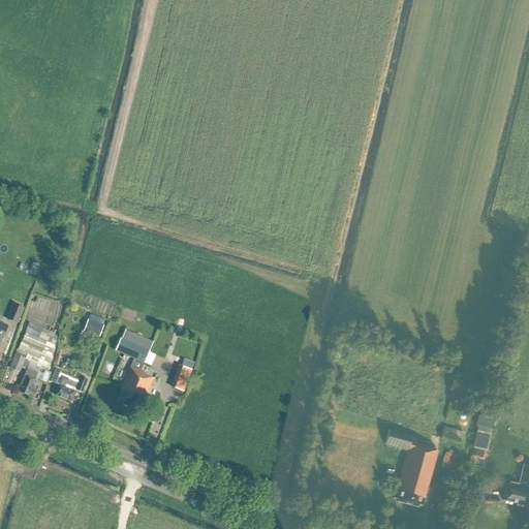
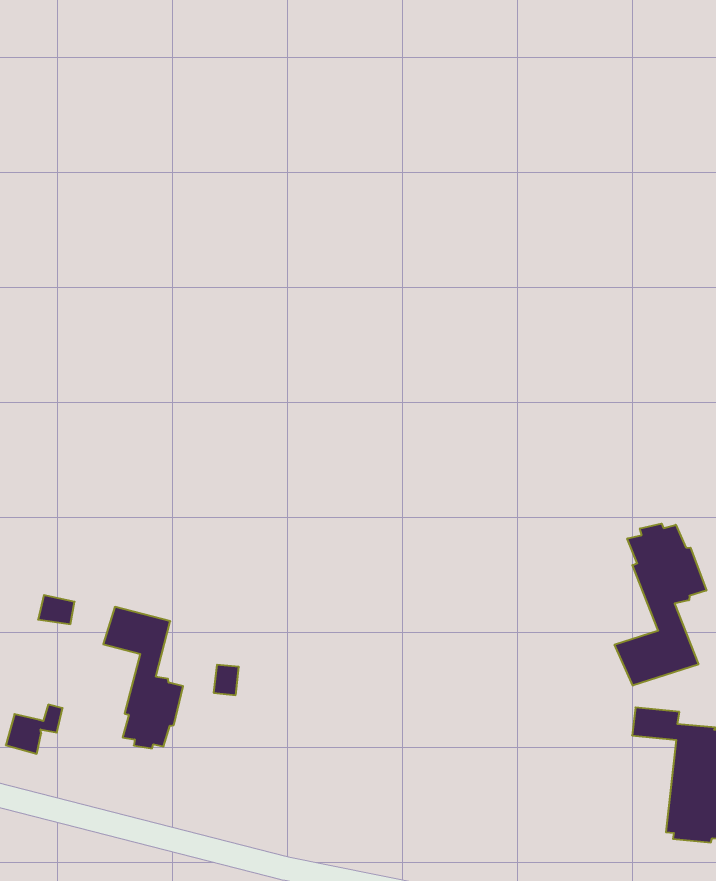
building: none -> [615,524,706,686]

